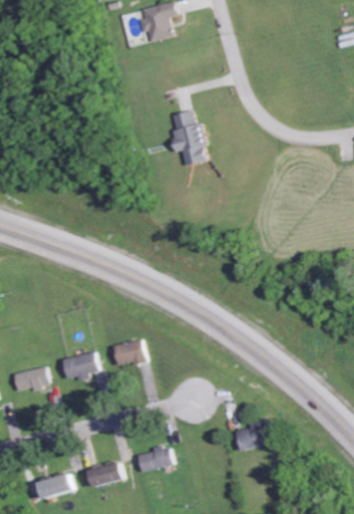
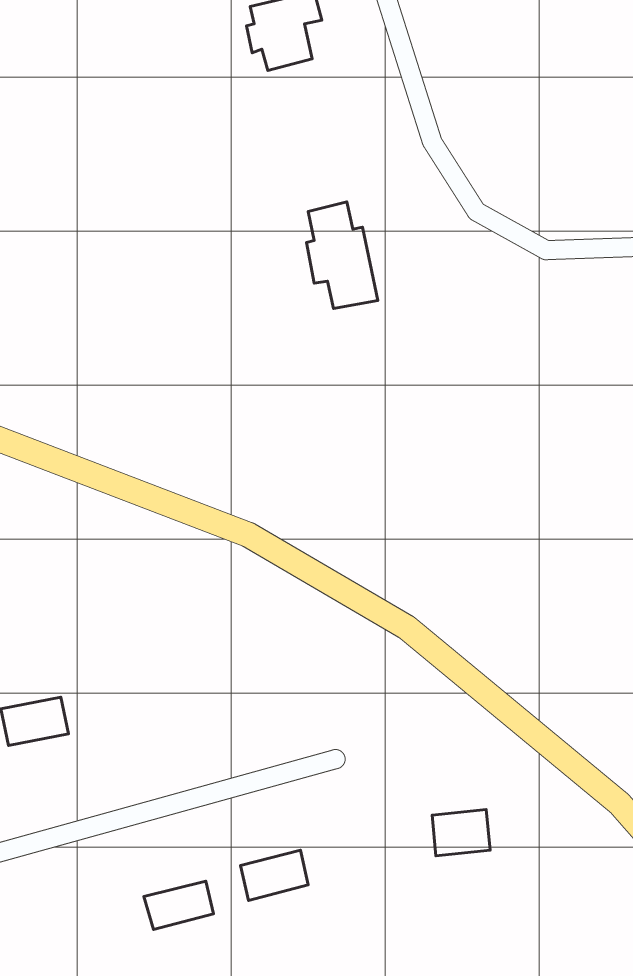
building: [111,338,144,365] -> none
building: [61,351,96,381] -> none
building: [36,473,71,500] -> none

